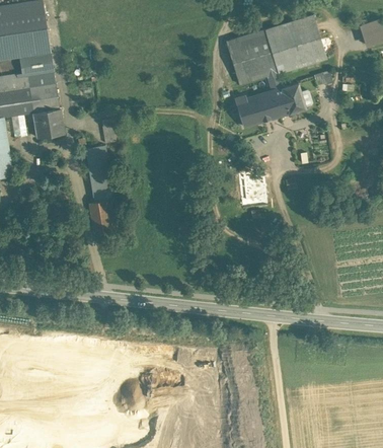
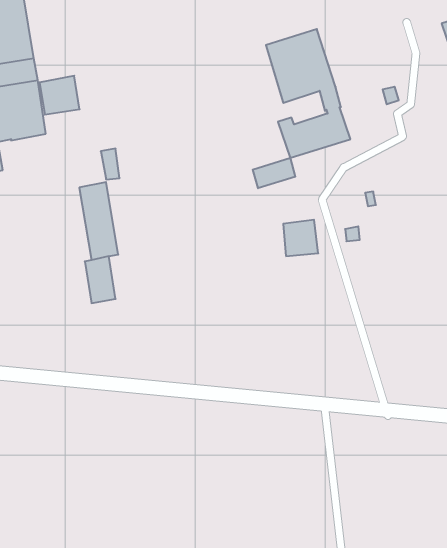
building: [264,15,326,73] -> none
building: [282,83,305,113] -> none
building: [33,108,64,138] -> [39,76,80,115]
building: none -> [253,158,295,188]

